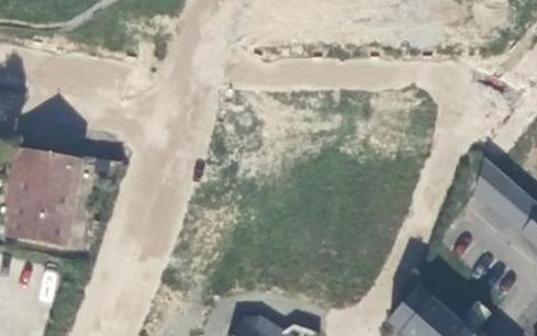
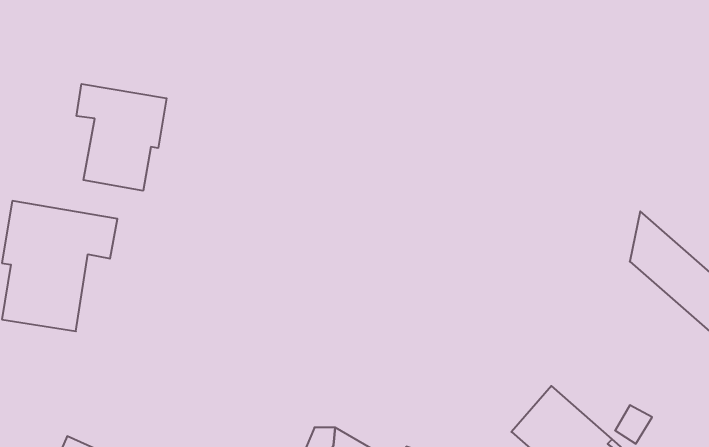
building: none -> [77,84,167,191]

